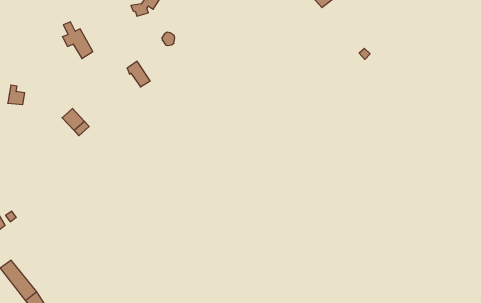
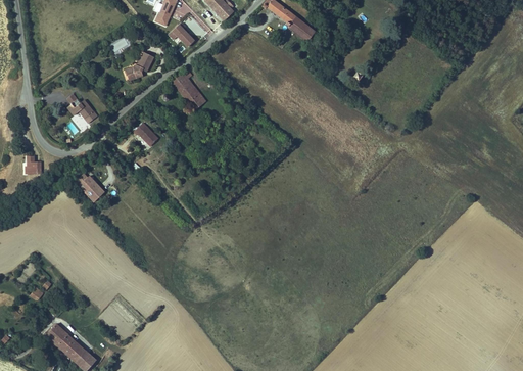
building: none -> [171,65,204,105]

